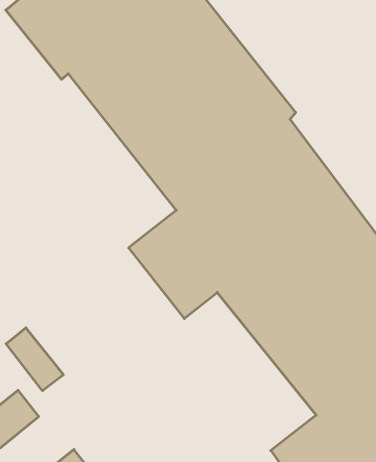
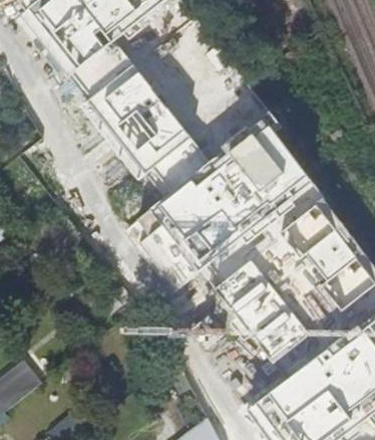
building: [6,328,63,391] -> none

